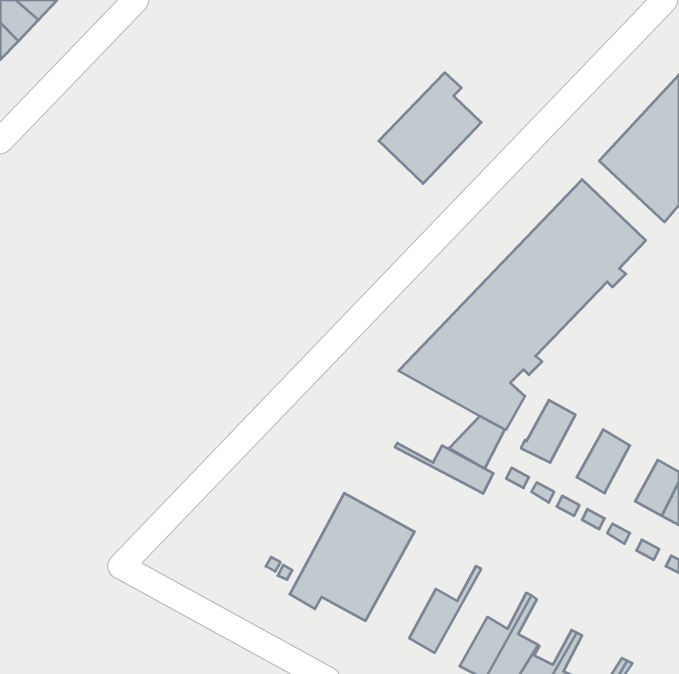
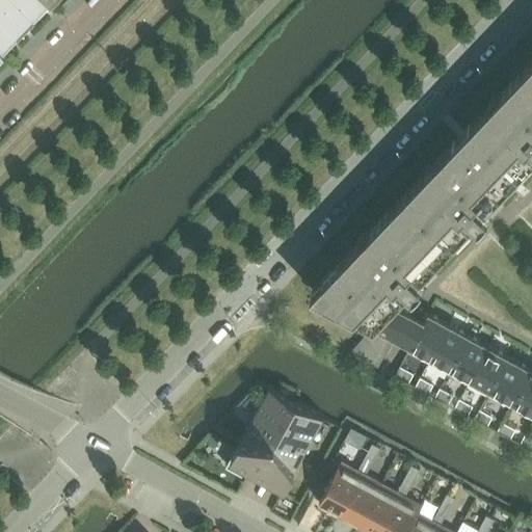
building: [379,73,481,184] -> none
building: none -> [455,130,520,192]
building: none -> [430,328,472,377]
building: [395,443,493,494] -> none
building: none -> [473,352,514,398]
building: none -> [340,449,381,525]

